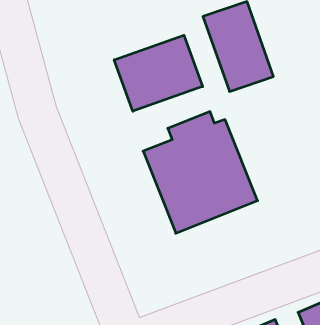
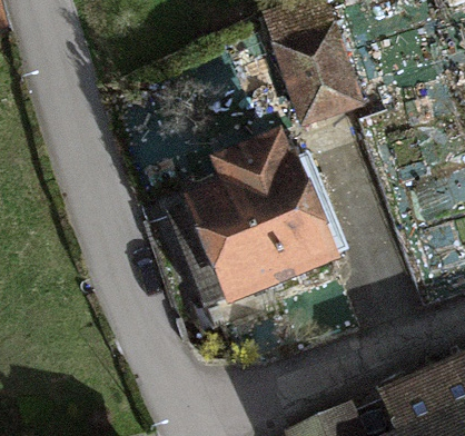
building: [114,35,203,111] -> none

